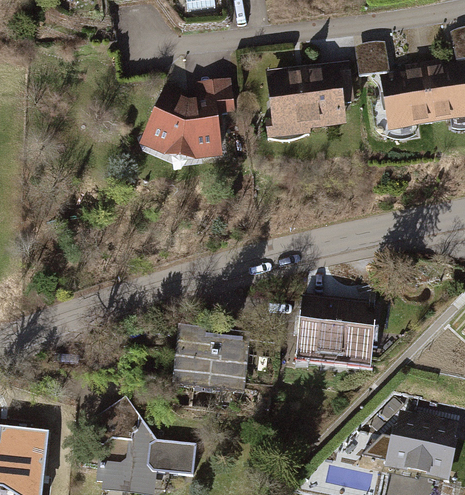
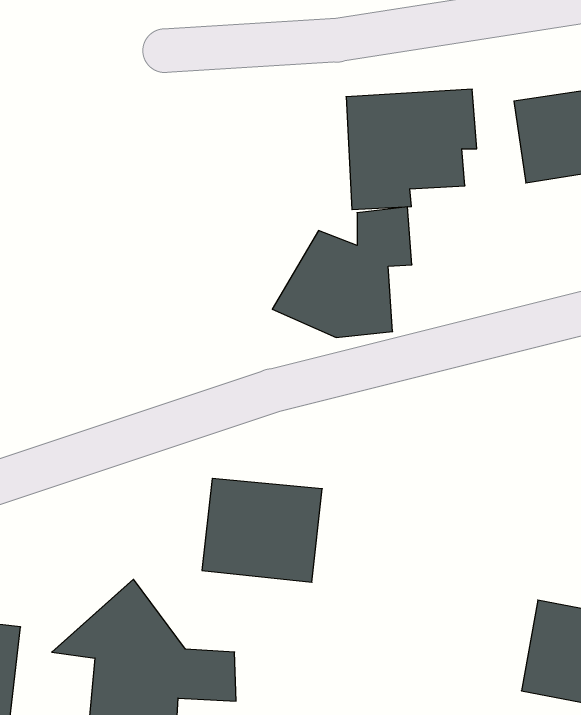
building: [355,40,388,74] -> none
building: [141,79,235,167] -> [272,207,412,337]
building: [298,299,375,367] -> none

